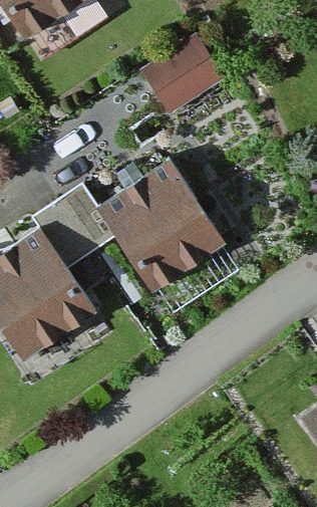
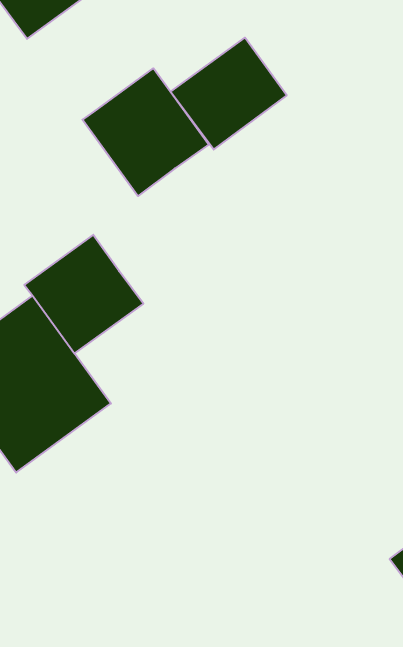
building: none -> [82,68,209,196]
building: [100,160,227,288] -> none

